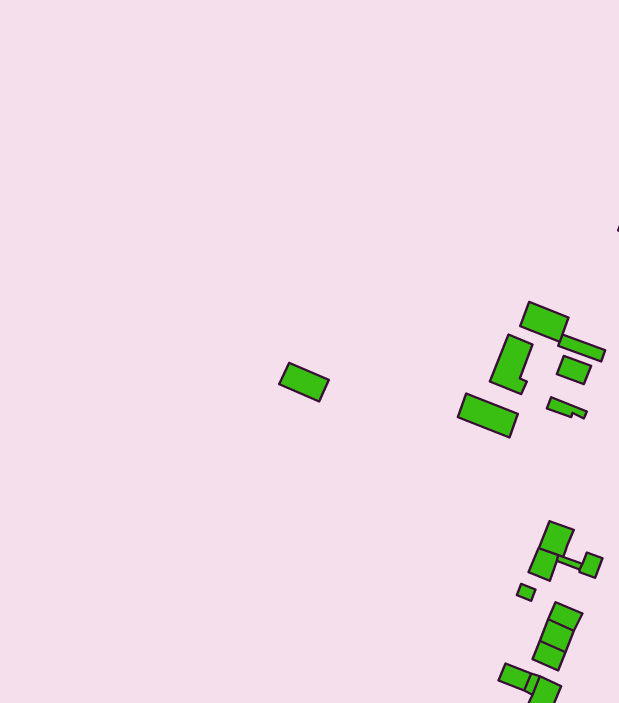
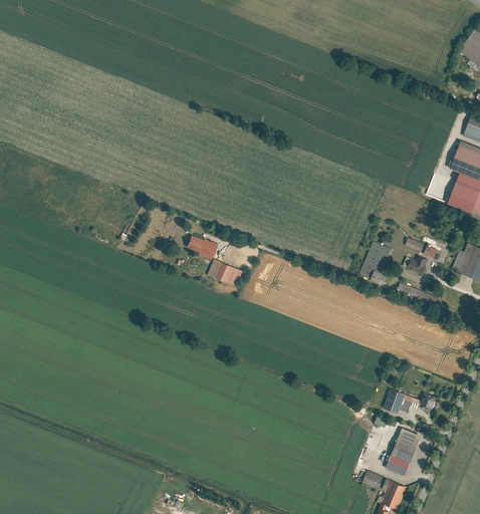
building: [520,302,569,342] -> none
building: none -> [189,236,220,261]
building: [458,394,518,438] -> none
building: [539,521,574,557] -> none

